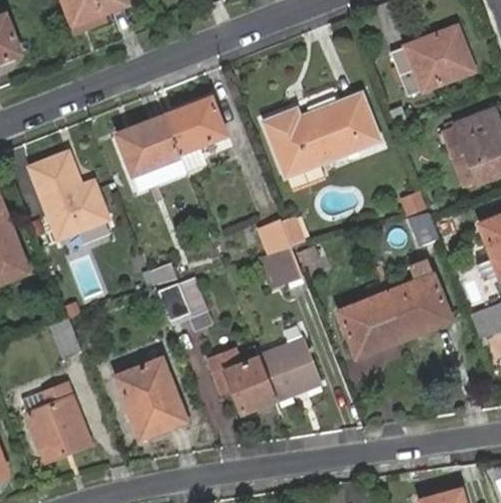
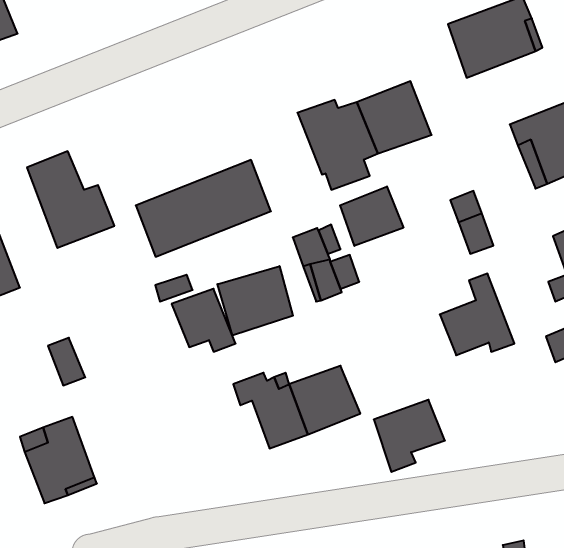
building: [110,92,226,175] -> [136,160,271,257]
building: none -> [340,186,403,246]
building: none -> [217,266,293,335]
building: [340,297,401,359] -> [374,400,445,472]
building: [106,354,183,441] -> none

